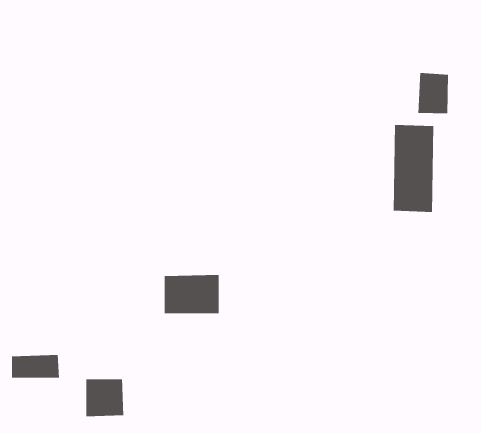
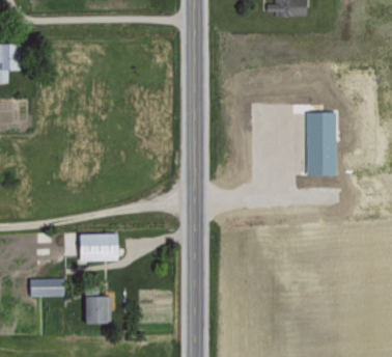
building: [418,72,449,114] -> none
building: [164,274,219,314] -> [78,232,118,262]

